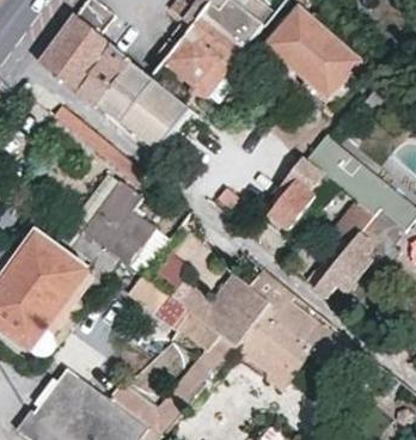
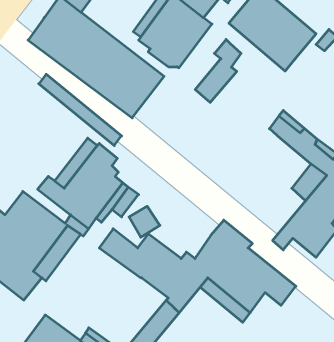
building: [269,158,320,228] -> [195,39,241,102]

